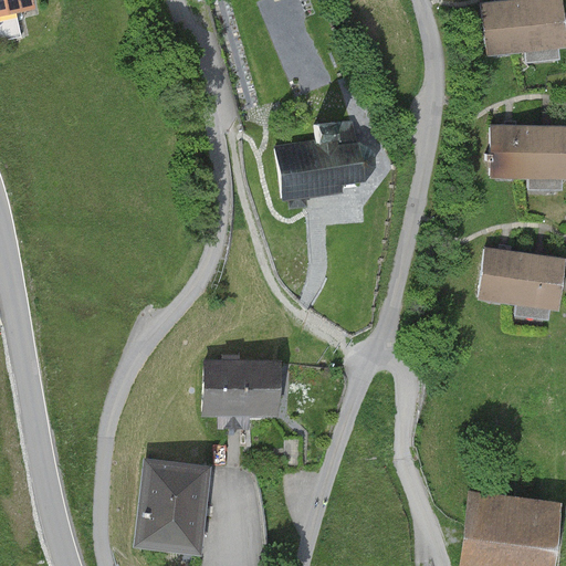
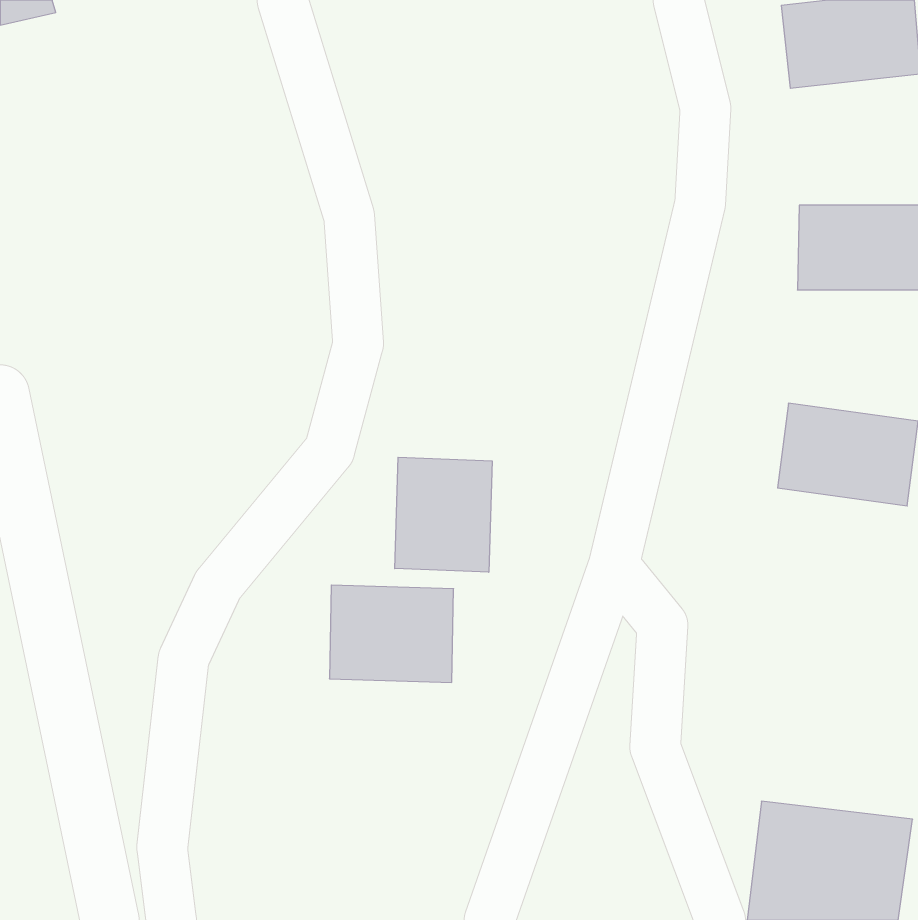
building: [276,122,376,209] -> none
building: none -> [395,457,492,572]
building: [135,460,211,556] -> none

